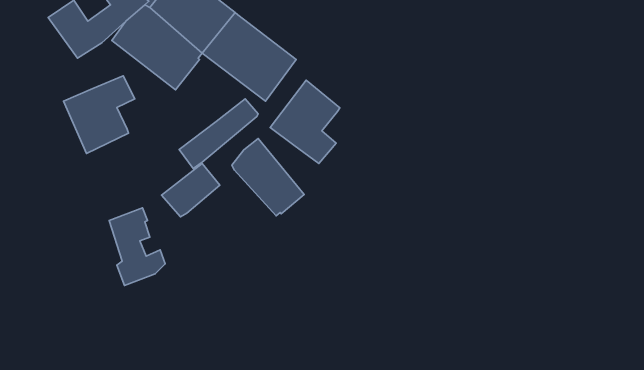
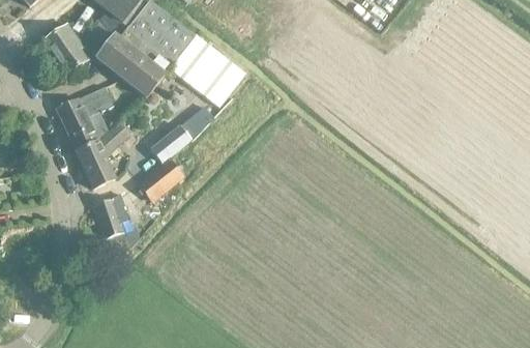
building: [270,80,340,164] -> none
building: none -> [73,120,129,187]
building: [232,139,304,216] -> none

